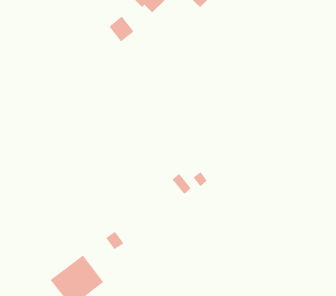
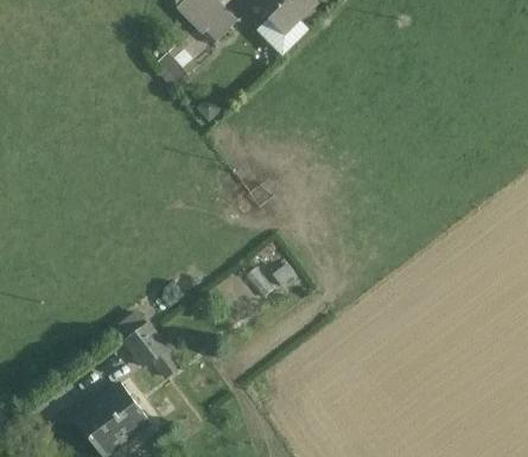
building: none -> [123,323,165,366]

